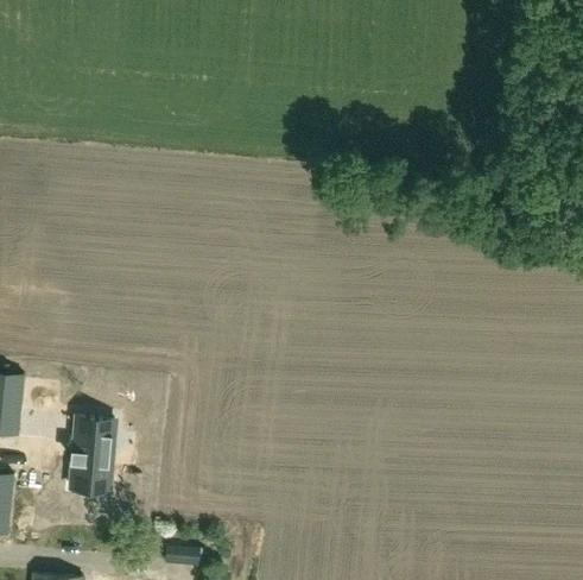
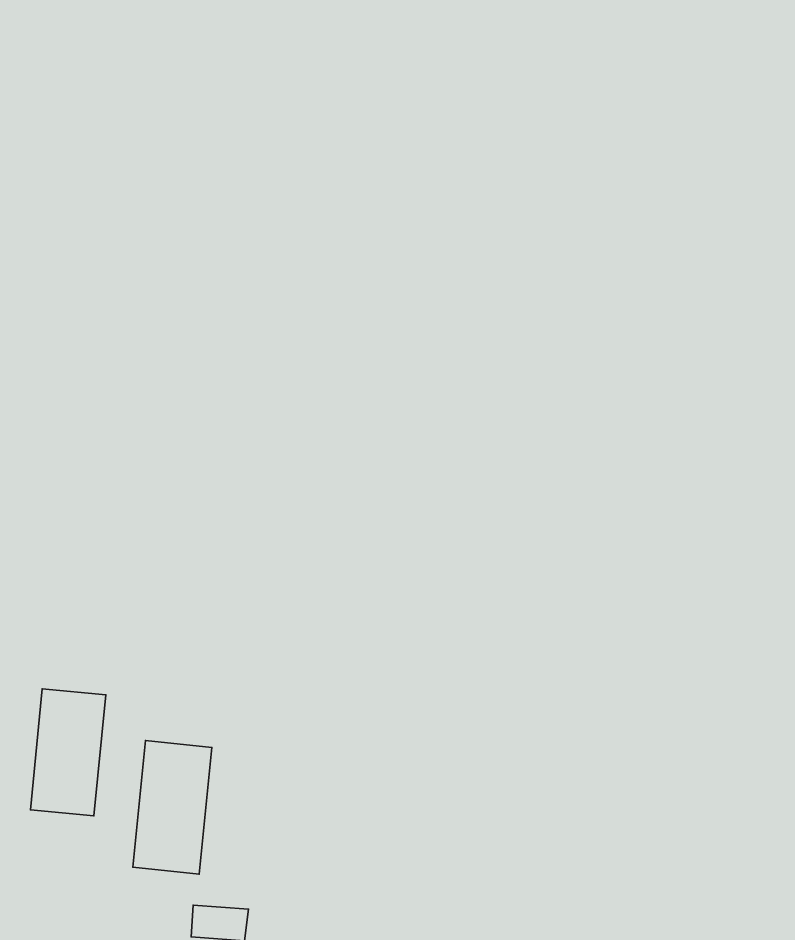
building: none -> [133,741,212,874]

